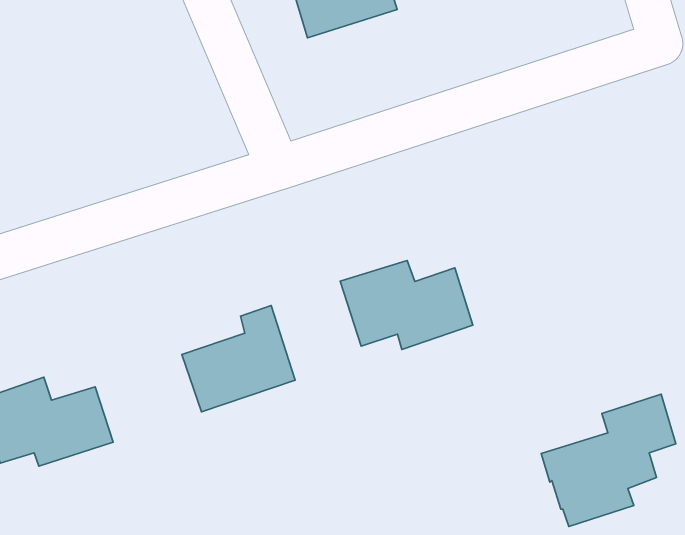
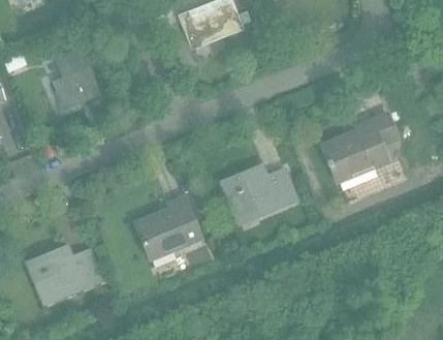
building: none -> [53,45,101,110]
building: [541,394,676,527] -> [323,112,398,189]

